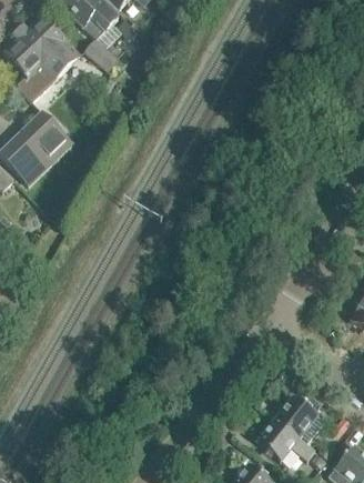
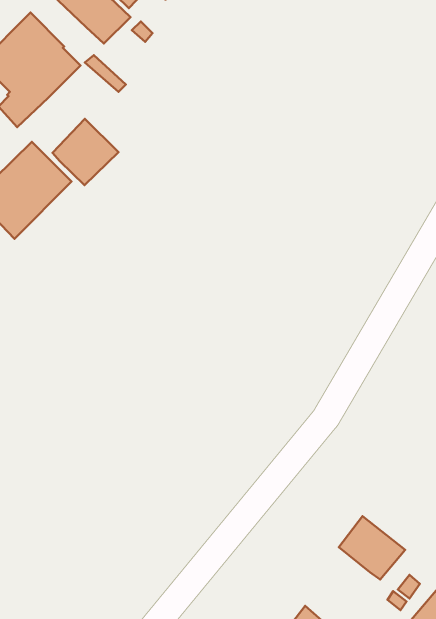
building: none -> [52,119,118,185]
building: [256,419,314,460] -> none

